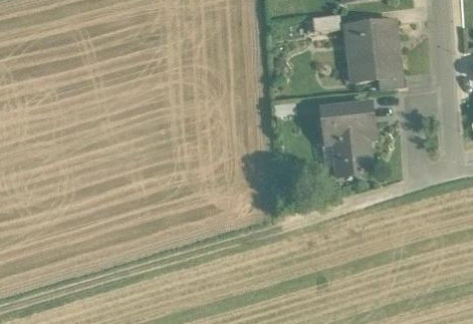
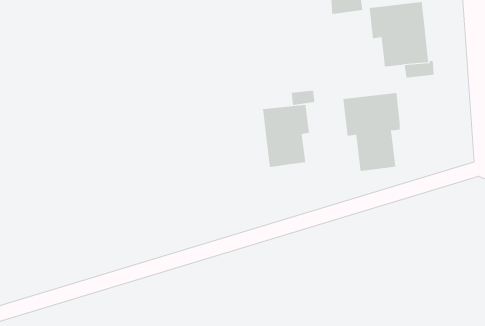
building: none -> [262,104,309,168]

